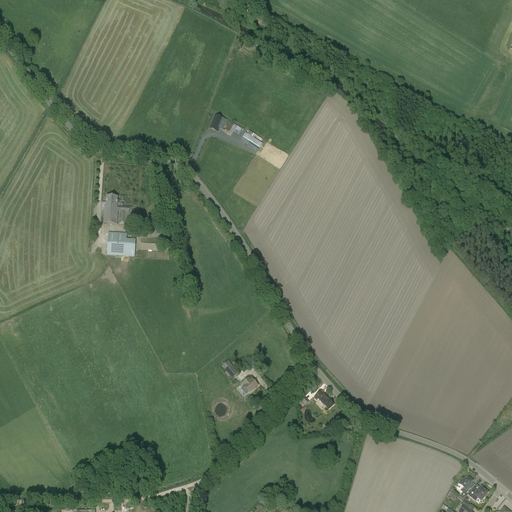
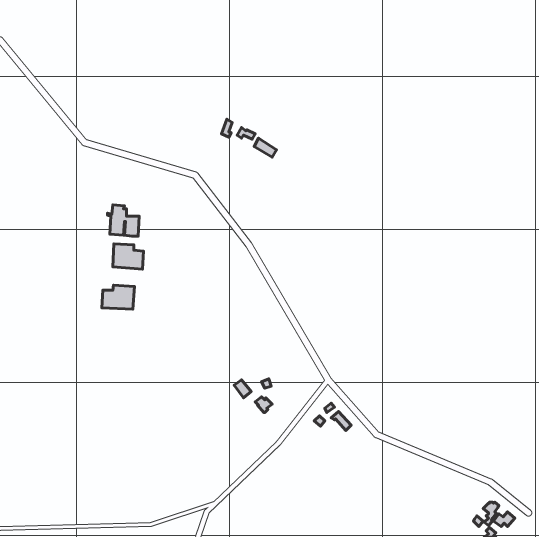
building: none -> [102,285,134,309]

